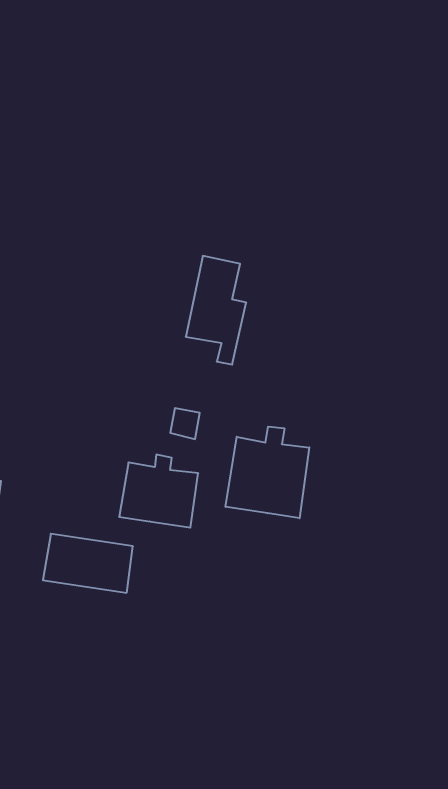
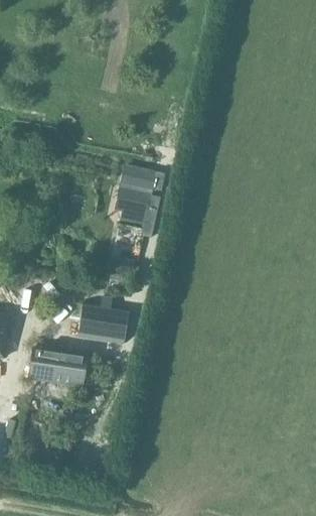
building: [226,427,309,518] -> none

